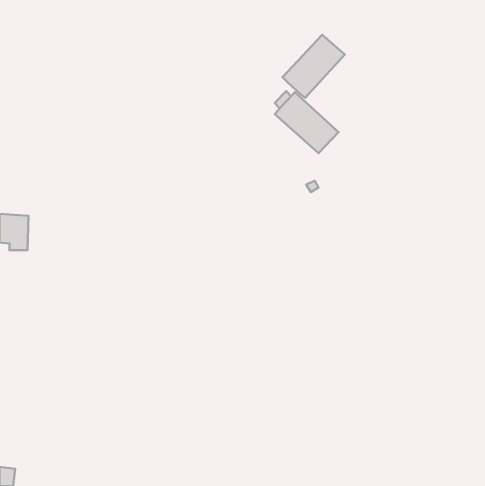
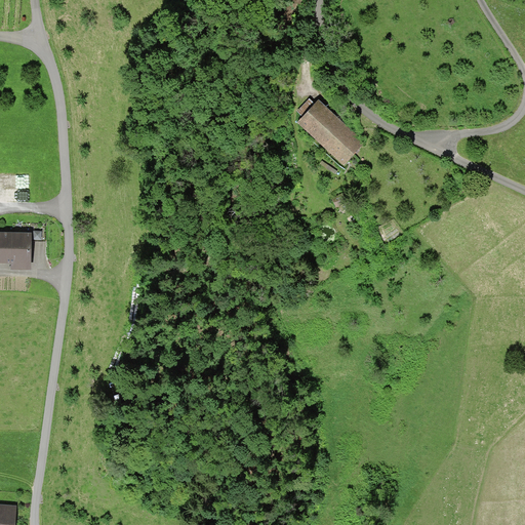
building: [282,35,345,98] -> none

